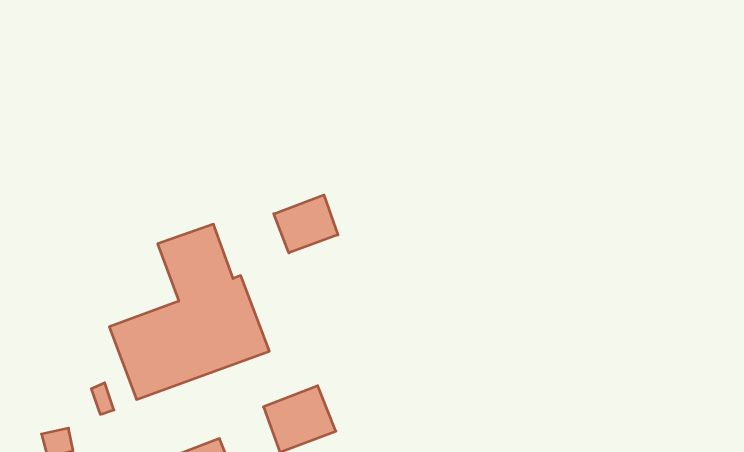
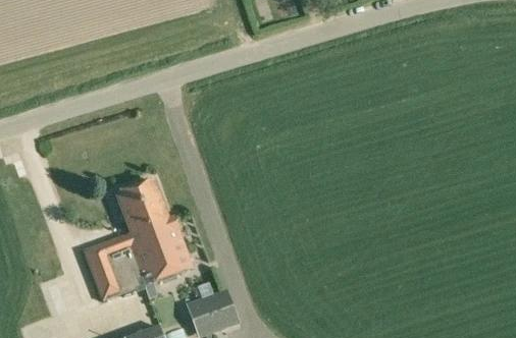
building: [274,195,338,253] -> none

